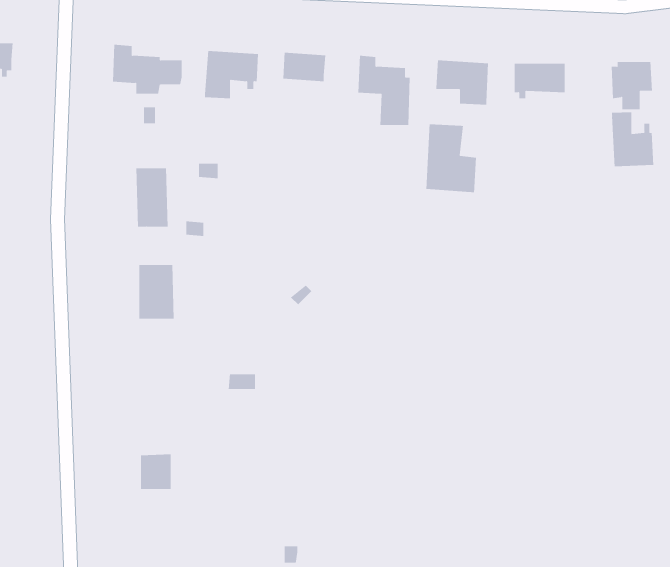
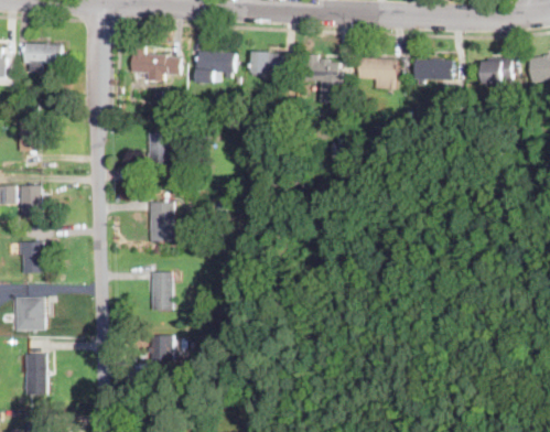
building: [611,111,654,167] -> none
building: [426,124,476,193] -> none
building: none -> [151,271,172,309]

